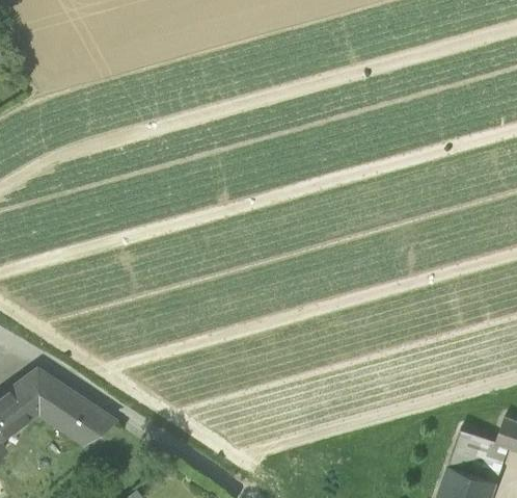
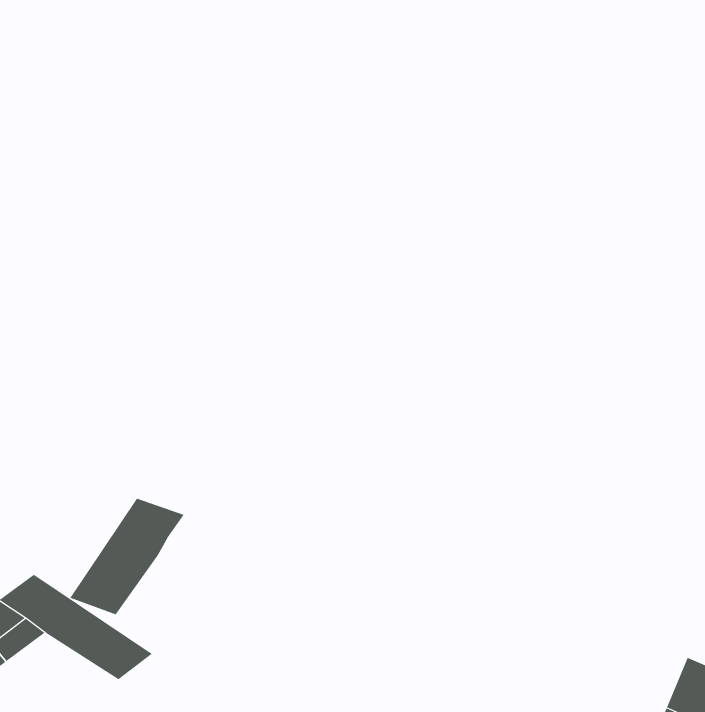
building: none -> [70,498,185,615]

